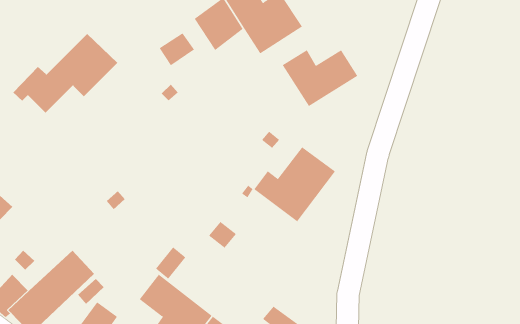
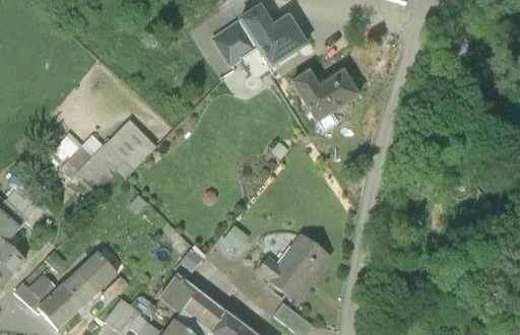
building: [159,33,195,66] -> none
building: [12,33,118,113] -> [61,118,158,192]
building: [253,146,336,222] -> [256,231,332,302]

